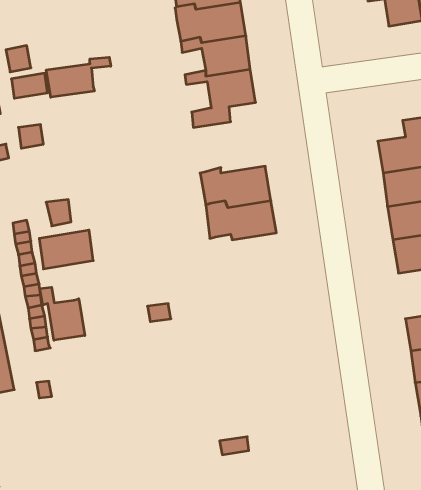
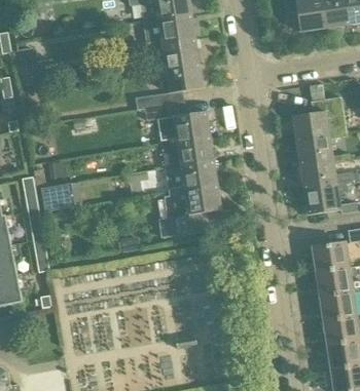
building: [46,57,111,97] -> none
building: none -> [144,102,209,140]
building: none -> [158,184,221,236]
building: [40,287,85,340] -> none

